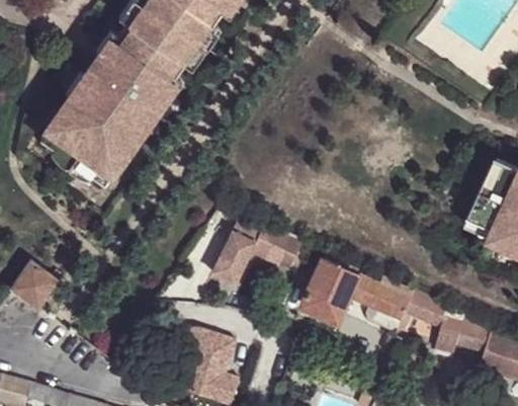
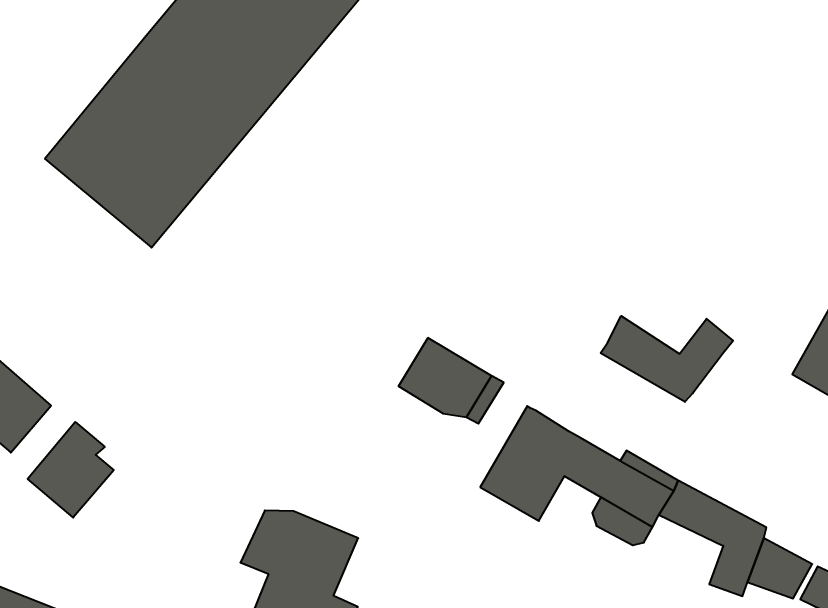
building: none -> [601,316,733,402]
building: [214,215,265,280] -> none
building: none -> [28,422,114,518]

